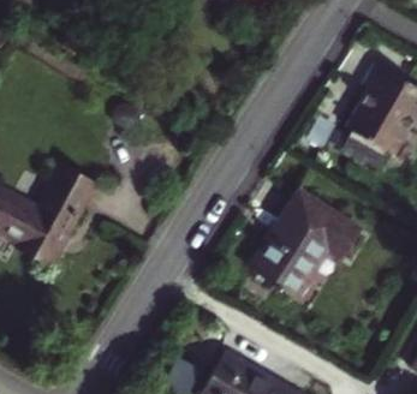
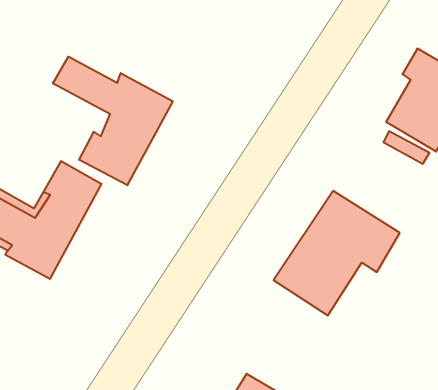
building: none -> [53,57,173,185]

